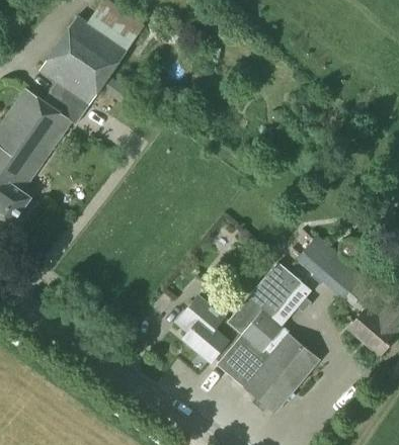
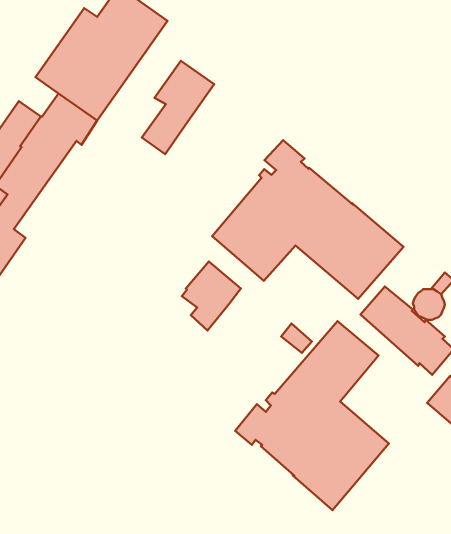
building: none -> [142,61,214,154]
building: none -> [212,140,404,299]
building: [176,296,223,351] -> [182,262,241,331]

